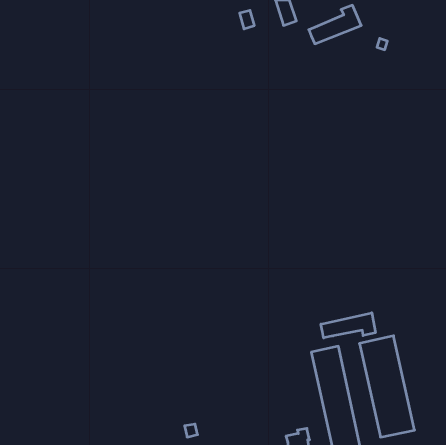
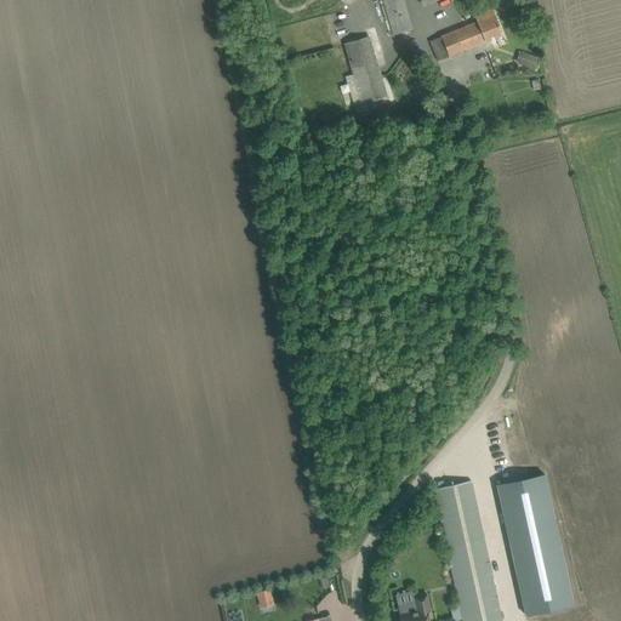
building: none -> [342,39,387,107]
building: [321,313,375,338] -> none

